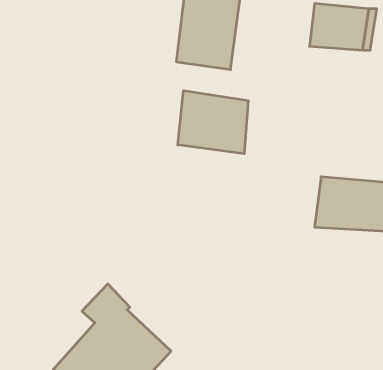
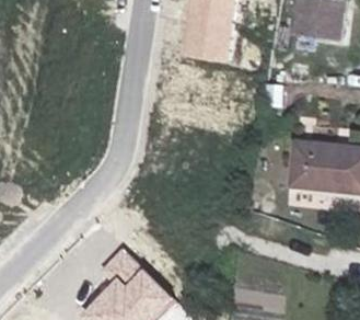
building: [178,91,248,154] -> none

